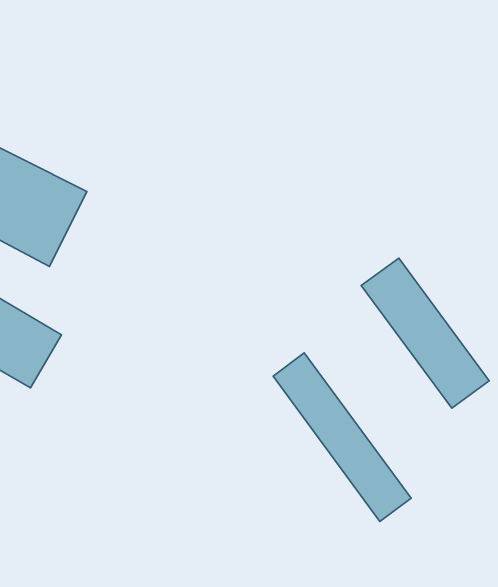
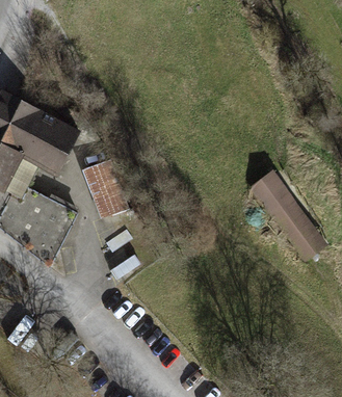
building: none -> [79,158,128,219]
building: [273,353,411,522] -> none

